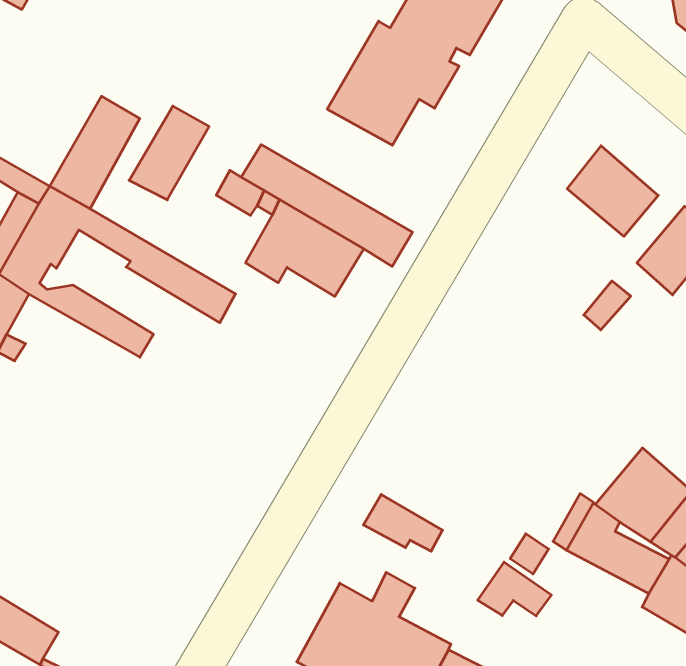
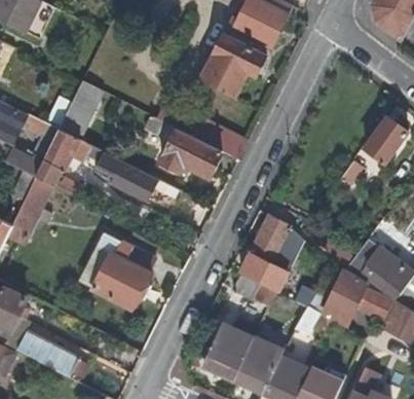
building: [129,106,209,200] -> none
building: [567,146,658,236] -> none
building: none -> [241,217,302,289]
building: none -> [91,237,153,309]

